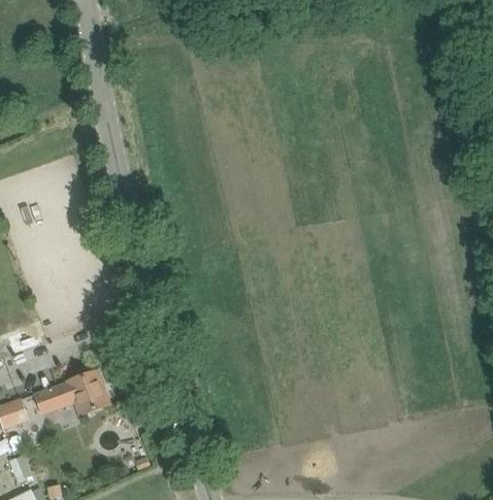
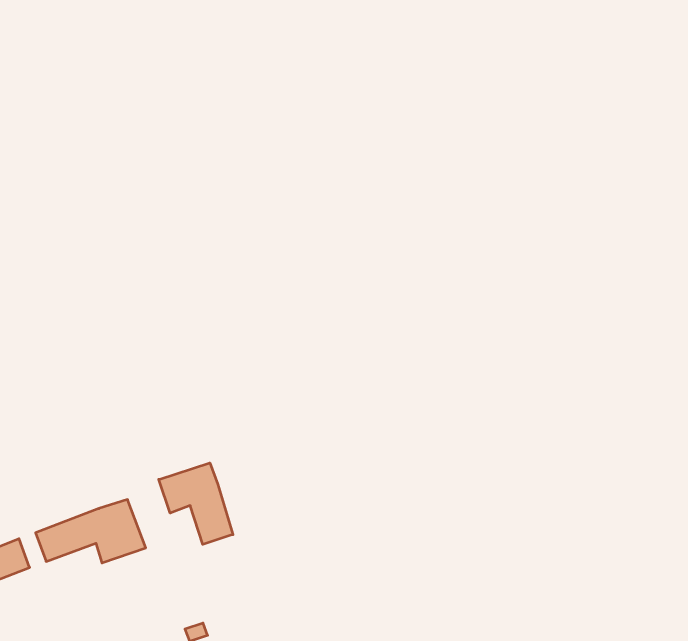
building: none -> [159,463,233,544]

